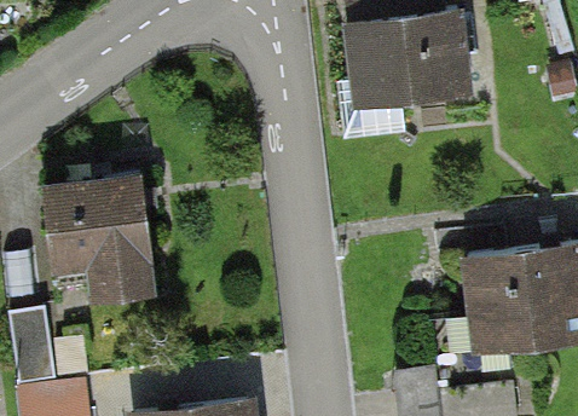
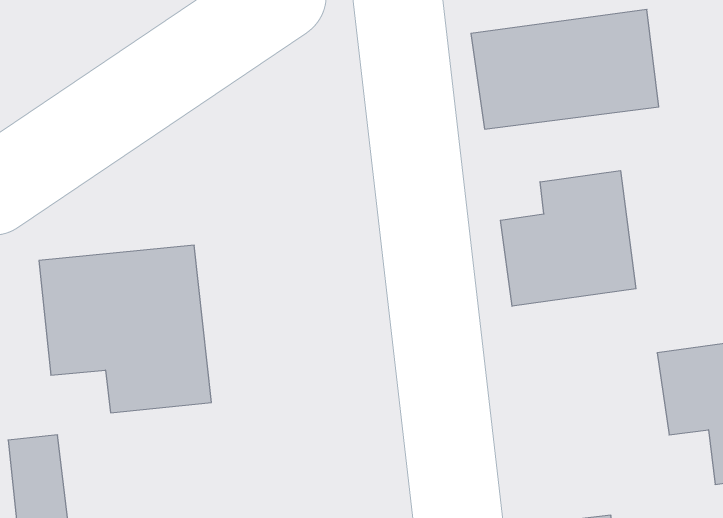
building: none -> [500,171,636,306]

